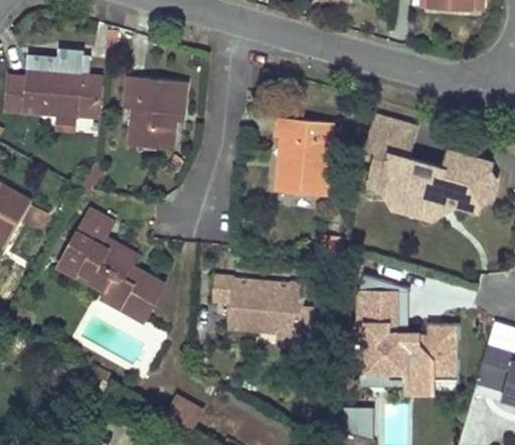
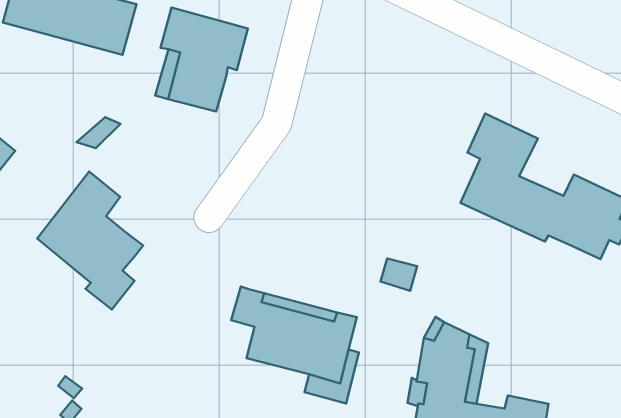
building: [276,117,332,195] -> none
building: [381,189,455,218] -> none
building: [122,266,164,321] -> none

